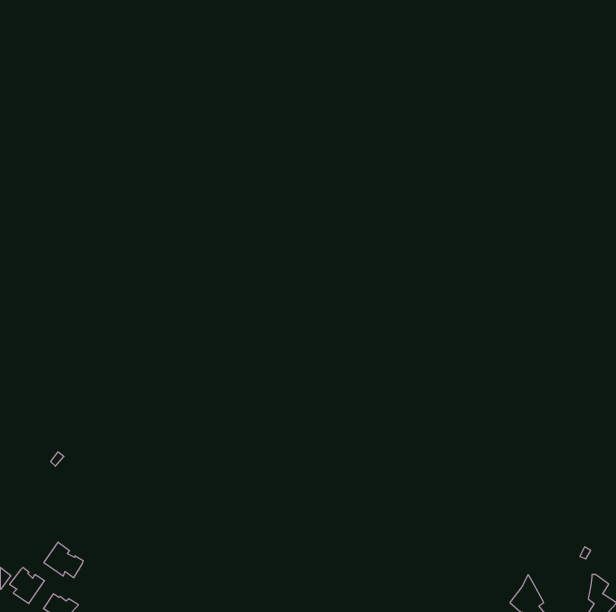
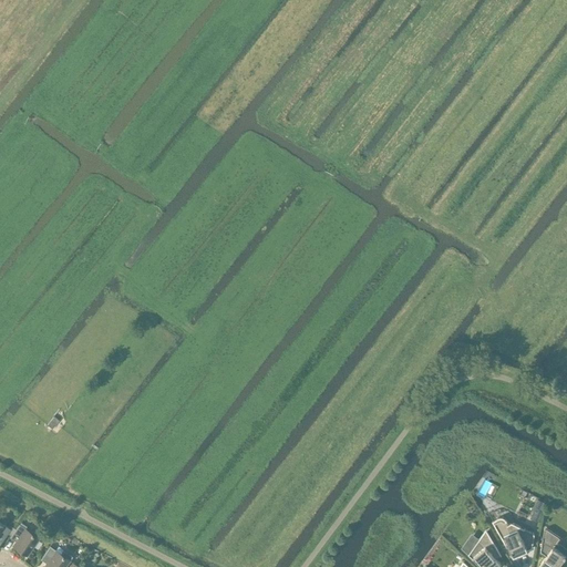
building: [44,542,83,578] -> none
building: none -> [492,519,535,560]

